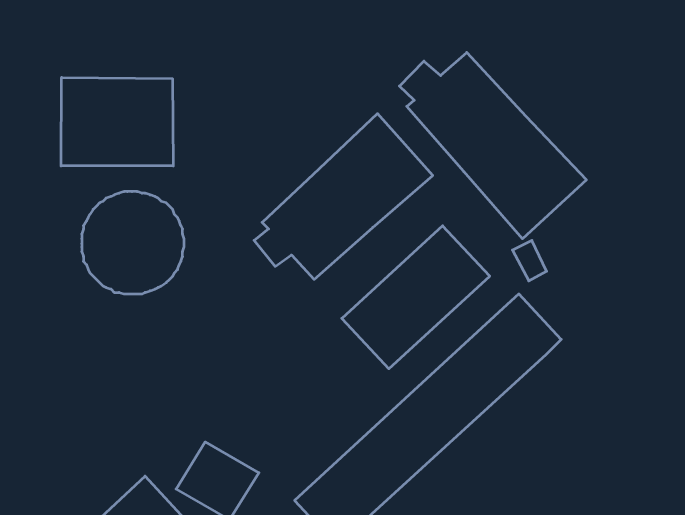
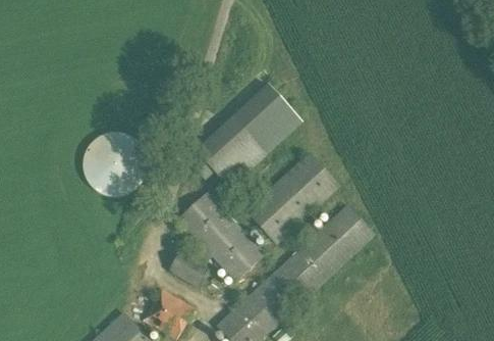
building: [399,52,586,239] -> none
building: [61,77,173,166] -> none
building: none -> [167,192,264,287]

